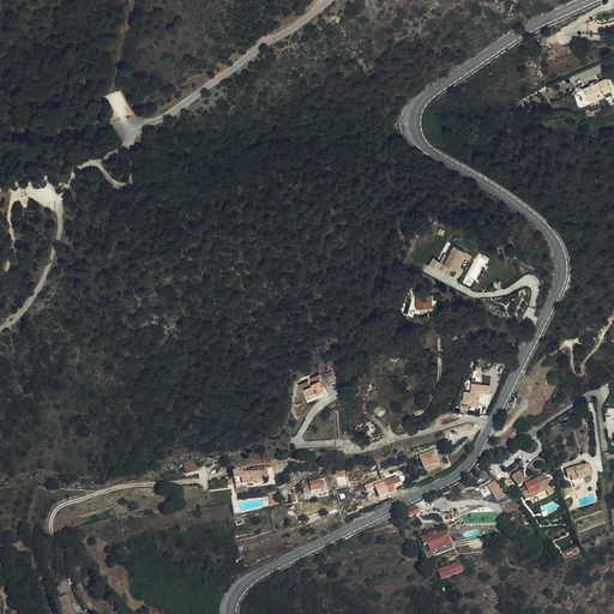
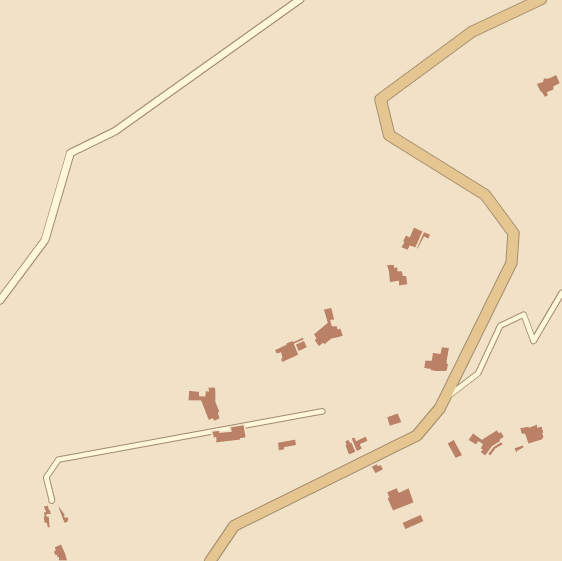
building: none -> [313,307,344,347]
building: none -> [188,387,221,422]

